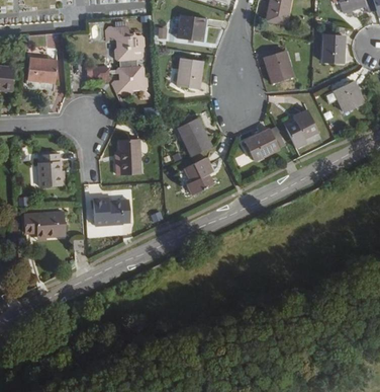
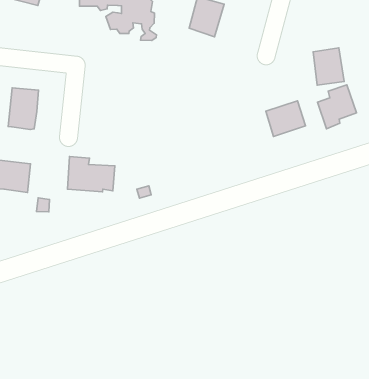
building: [264,51,292,83] -> [313,48,344,85]
building: [177,117,210,154] -> none
building: [116,137,140,172] -> none
building: [186,157,215,194] -> none

